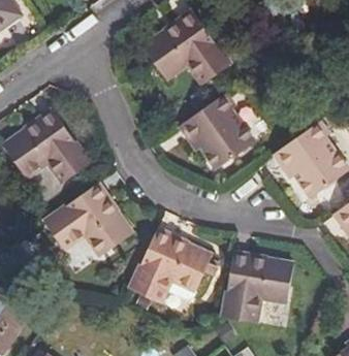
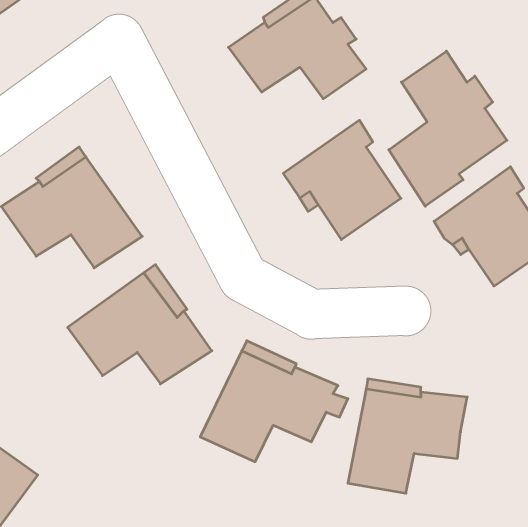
building: none -> [389,51,507,206]

